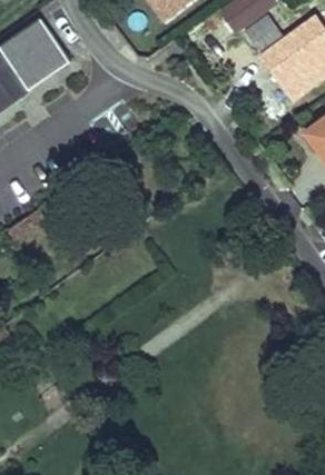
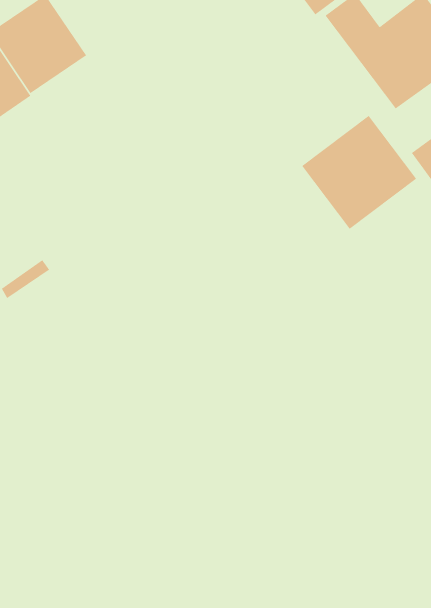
building: none -> [301,115,417,230]

